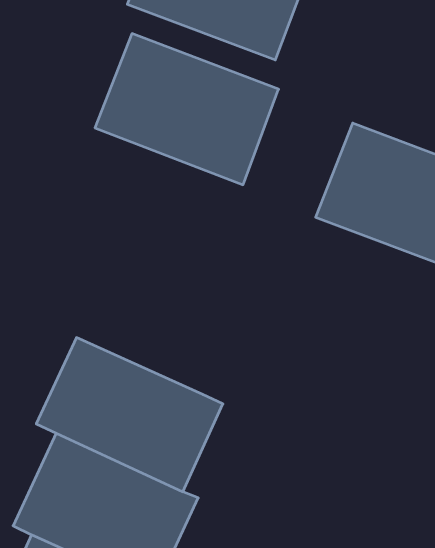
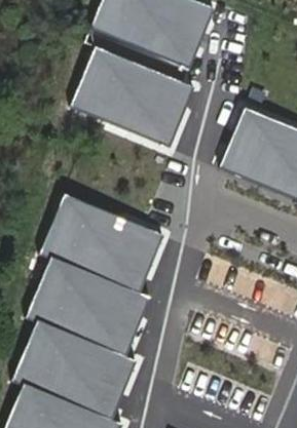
building: none -> [44,183,168,287]

